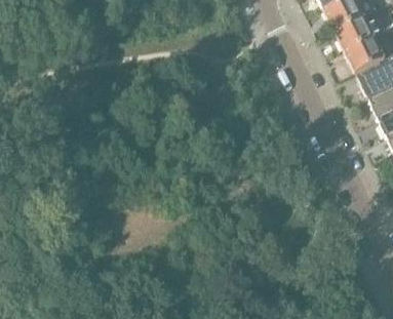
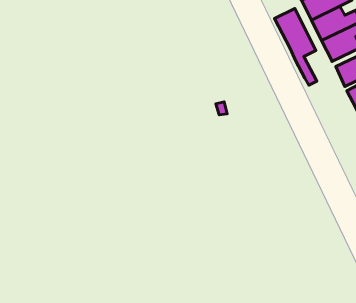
building: none -> [275,8,317,85]

